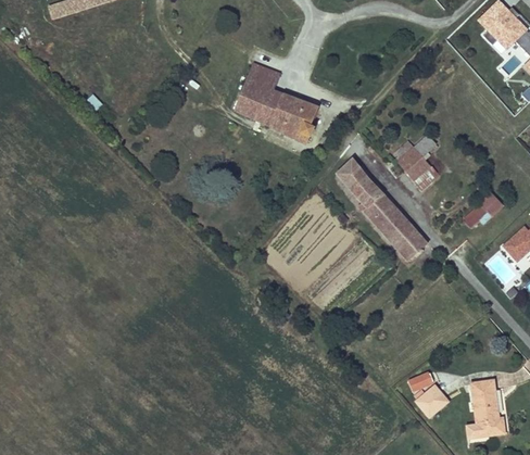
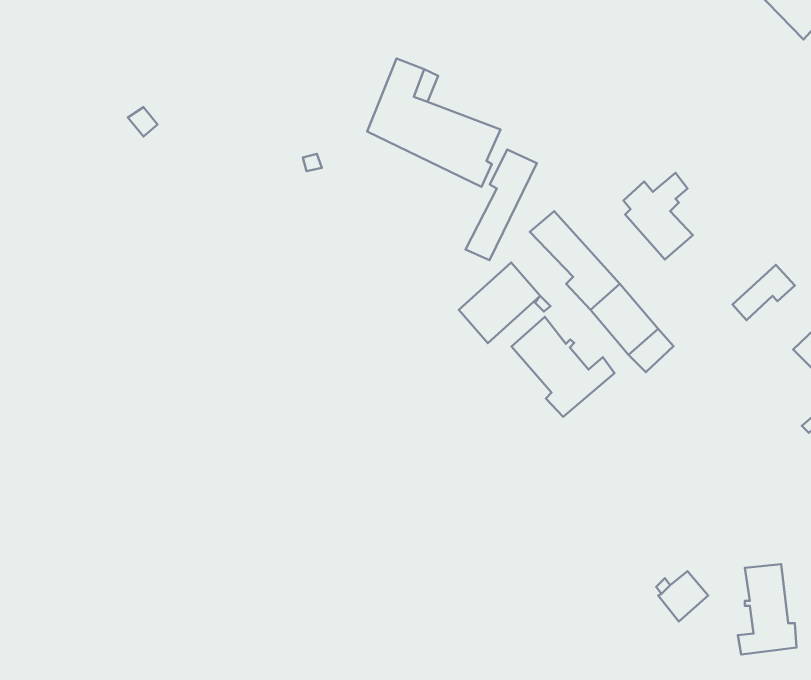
building: none -> [465,149,537,260]
building: none -> [459,262,540,343]
building: none -> [512,317,615,417]

